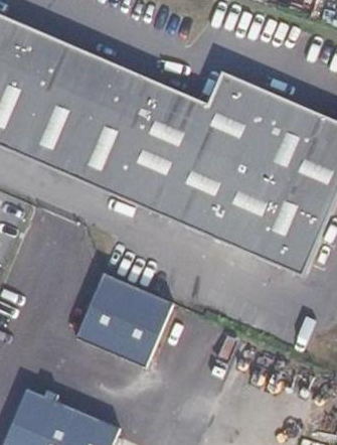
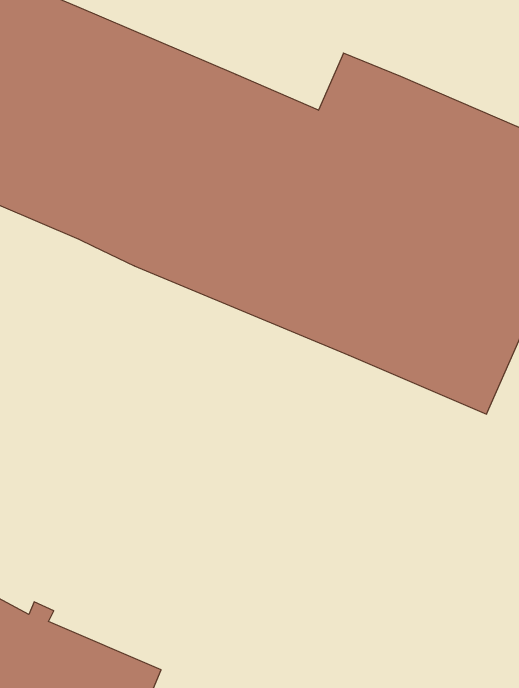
building: [70,276,168,368] -> none

